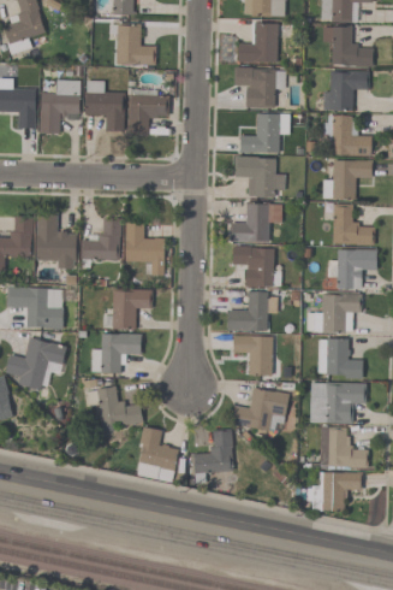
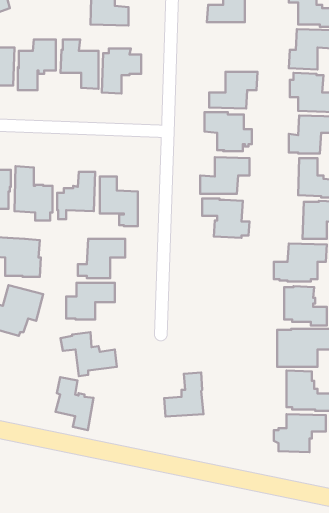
building: [233,67,285,108] -> none
building: [226,293,267,331] -> none
building: [232,336,274,377] -> none
building: [231,388,288,433] -> none
building: [138,427,178,483] -> [56,377,94,430]

